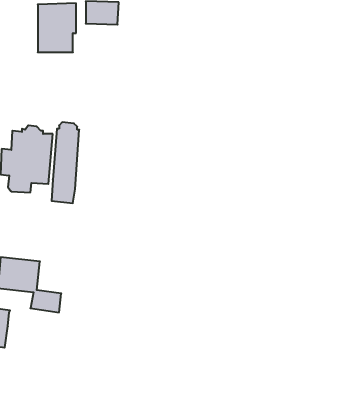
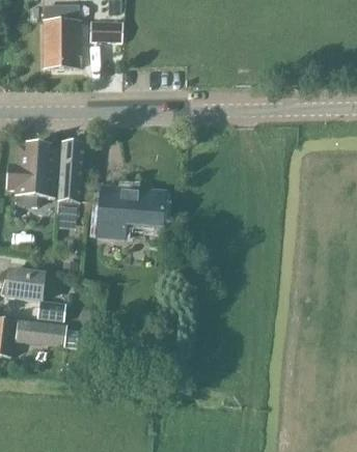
building: none -> [97,183,164,238]
building: none -> [15,318,66,345]

